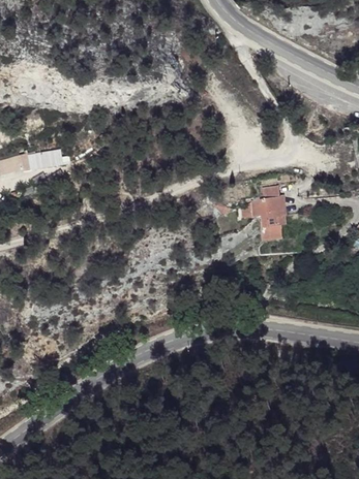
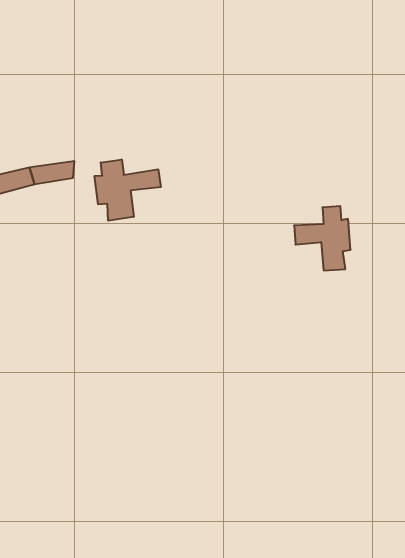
building: none -> [95,159,161,221]

